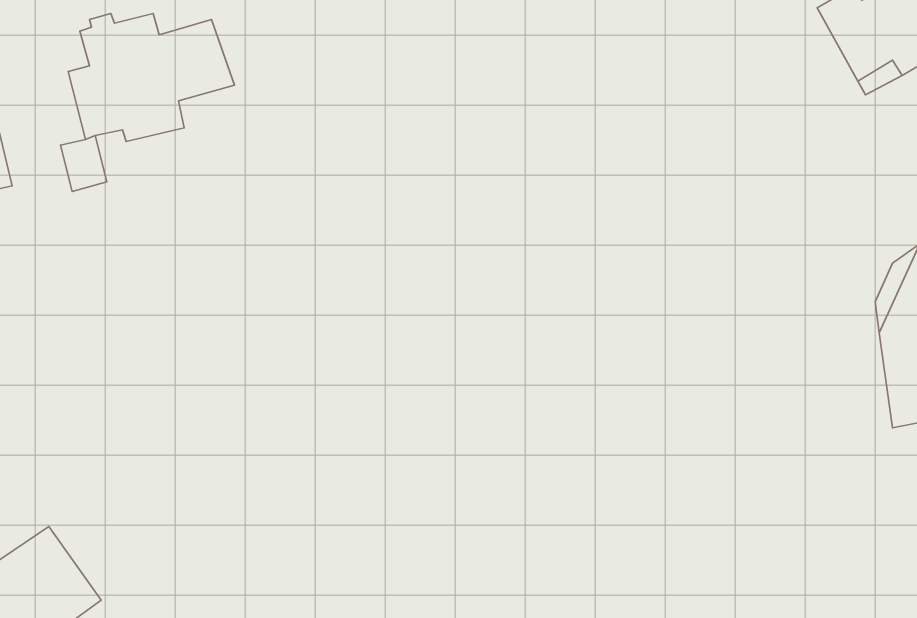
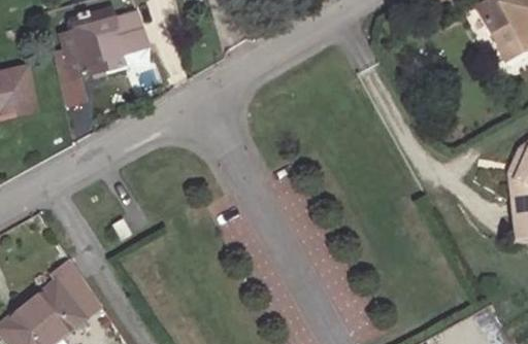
building: none -> [52,265,102,323]

